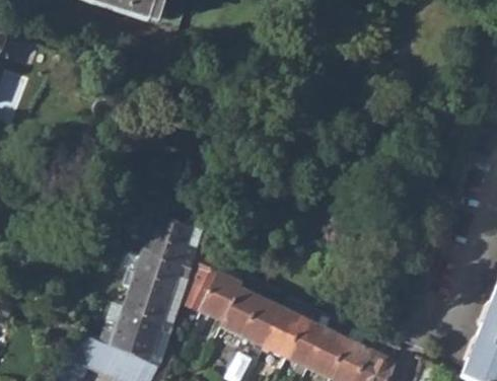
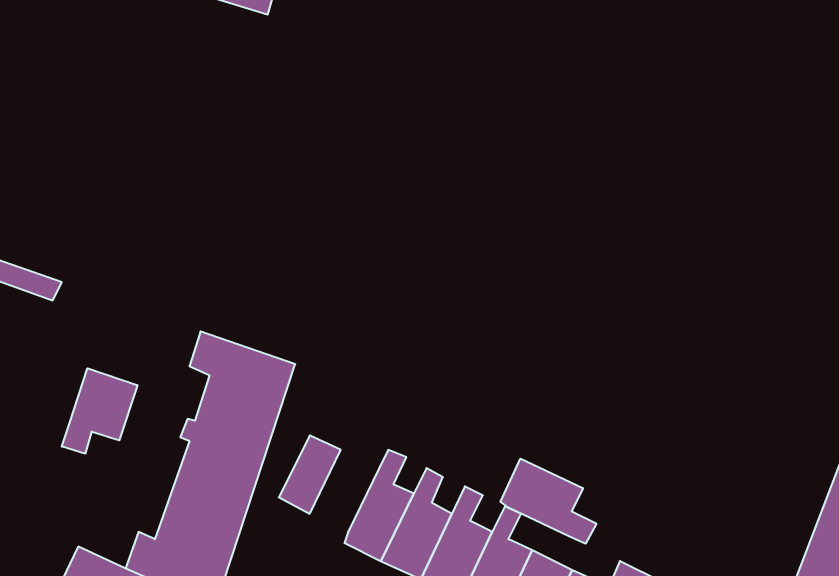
building: none -> [62,368,137,454]
building: [201,275,239,320] -> none
building: none -> [501,459,596,544]

